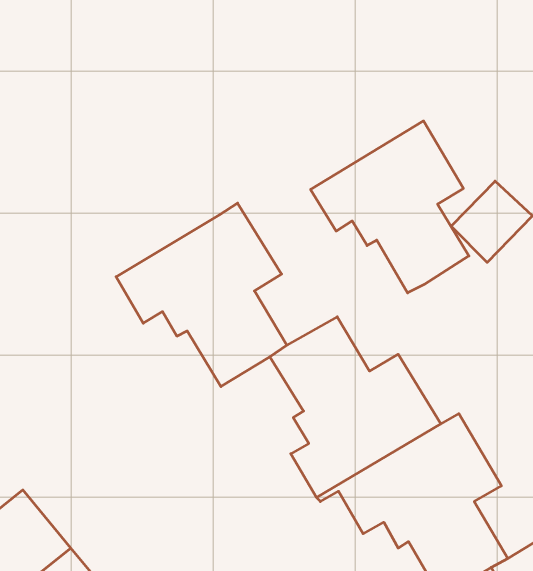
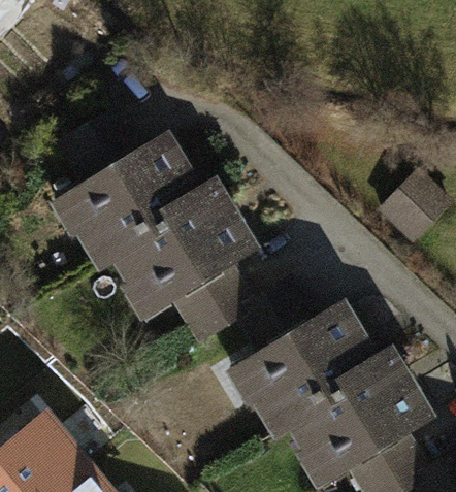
building: none -> [63,111,199,258]
building: [311,121,469,293] -> none

